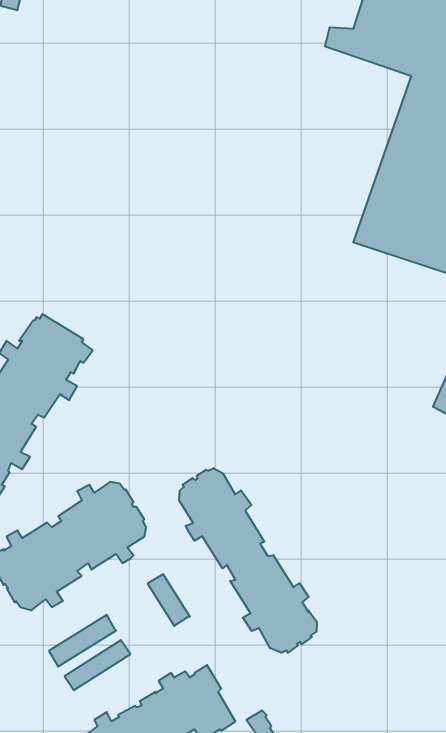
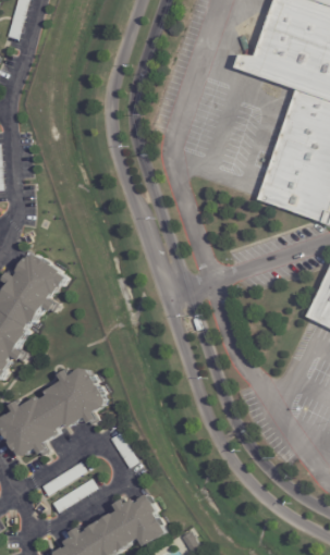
building: [179,468,317,653] -> none

